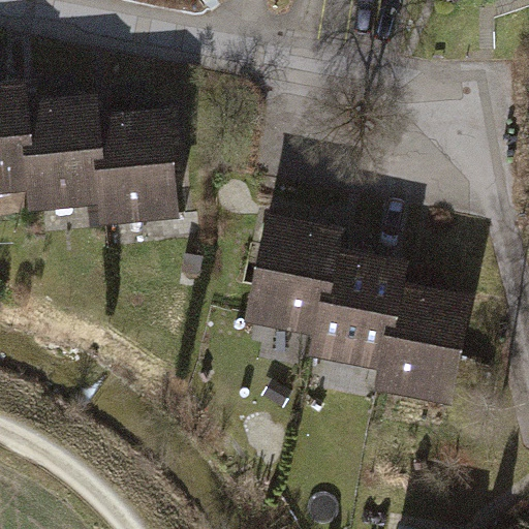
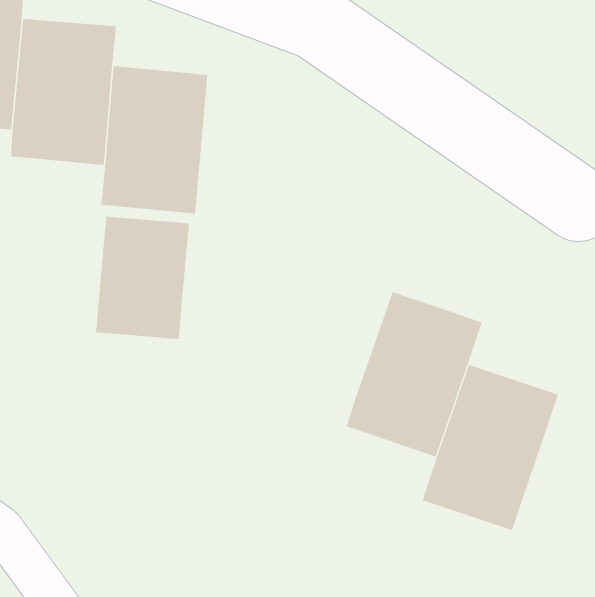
building: [244,218,335,337] -> none
building: none -> [96,216,190,340]

